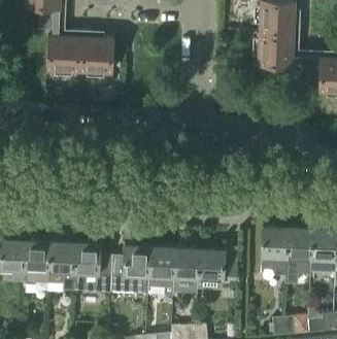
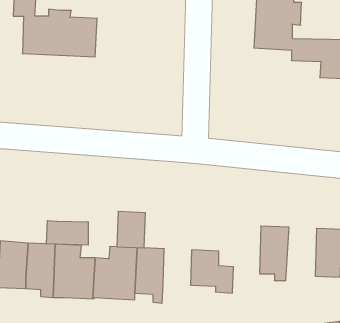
building: none -> [47,221,88,245]
building: [285,228,313,285] -> none
building: [174,247,200,280] -> [117,212,145,248]

